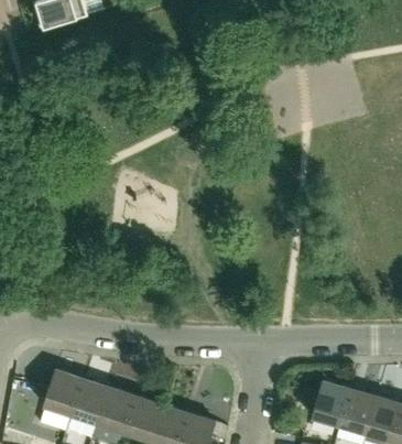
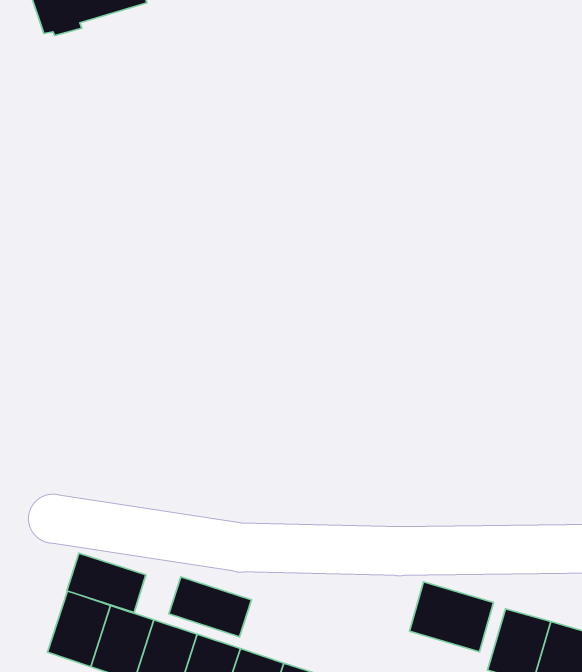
building: none -> [67,553,146,613]
building: none -> [169,577,252,637]
building: none -> [409,582,493,652]

